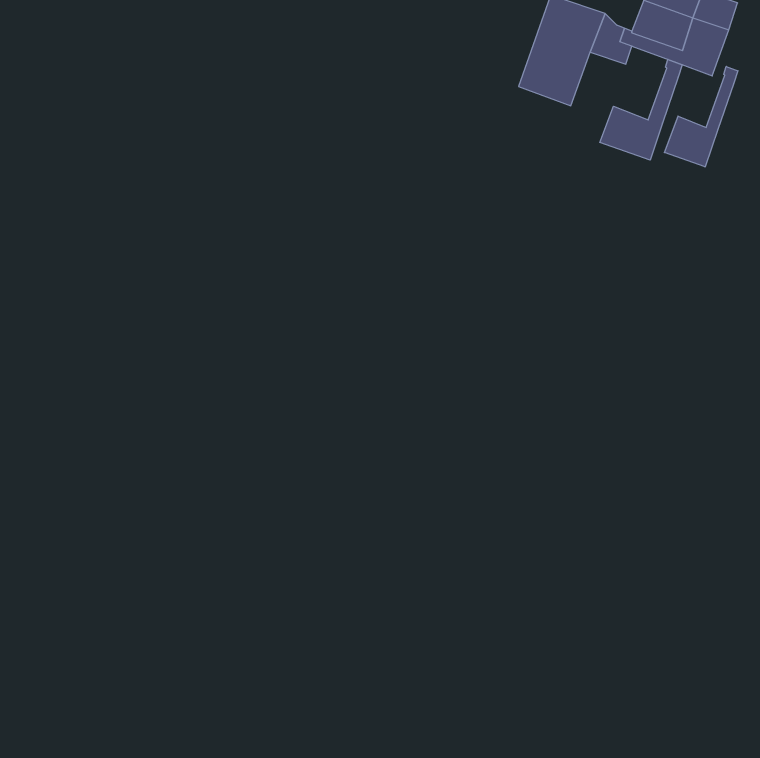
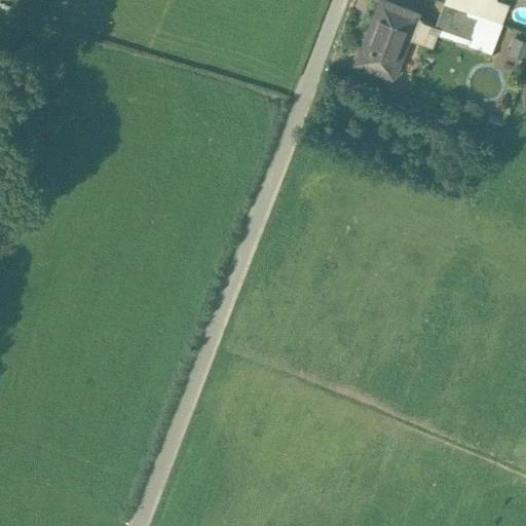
building: [600,59,682,160] -> none
building: [664,66,738,167] -> none

